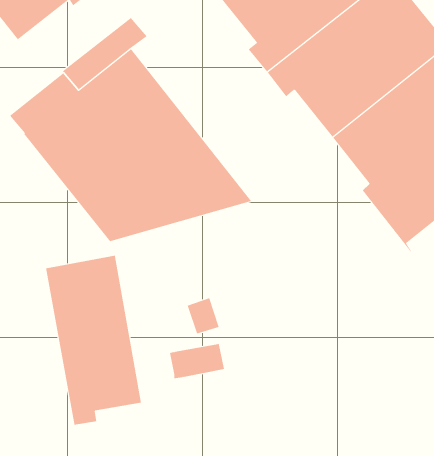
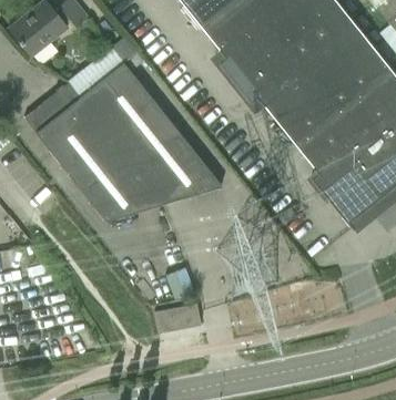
building: [45,255,142,425] -> none

